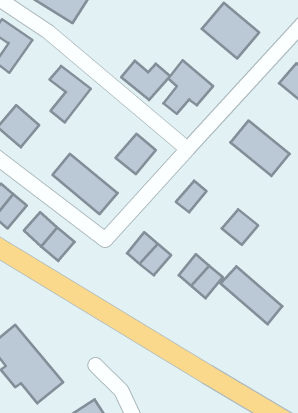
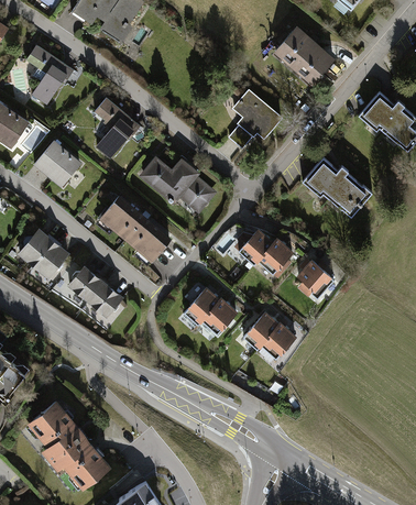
building: [121,61,170,100] -> [139,156,195,201]
building: none -> [255,240,292,277]
building: [221,266,282,324] -> none

